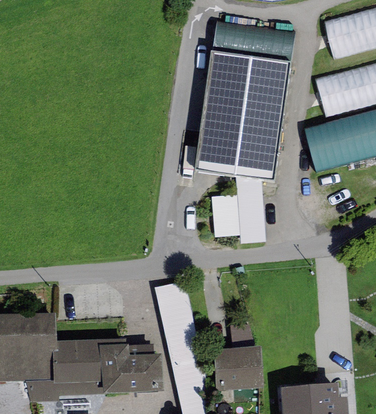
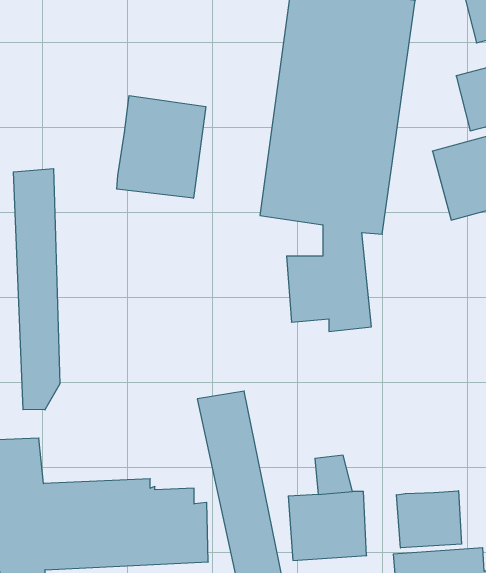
building: none -> [117,96,206,198]
building: none -> [13,169,60,410]
building: none -> [396,491,461,548]

